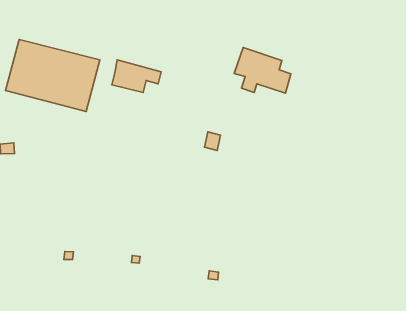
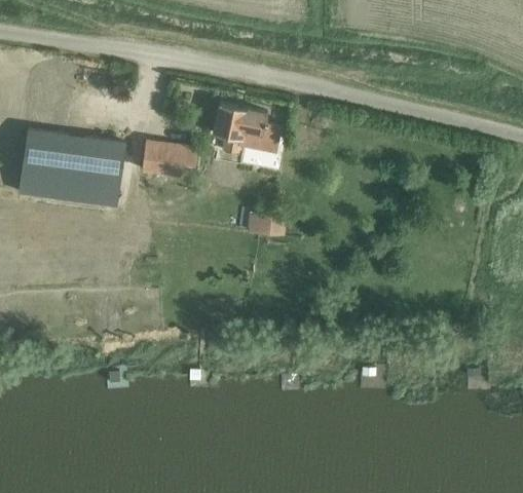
building: [234,47,291,93] -> [213,103,279,154]

